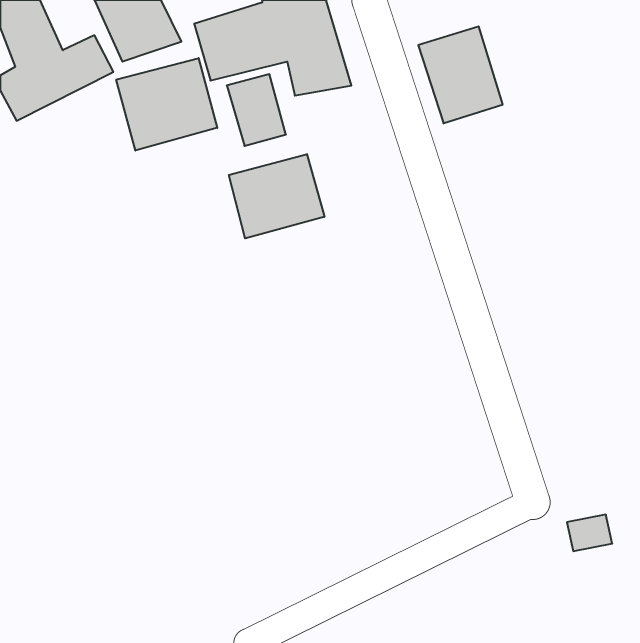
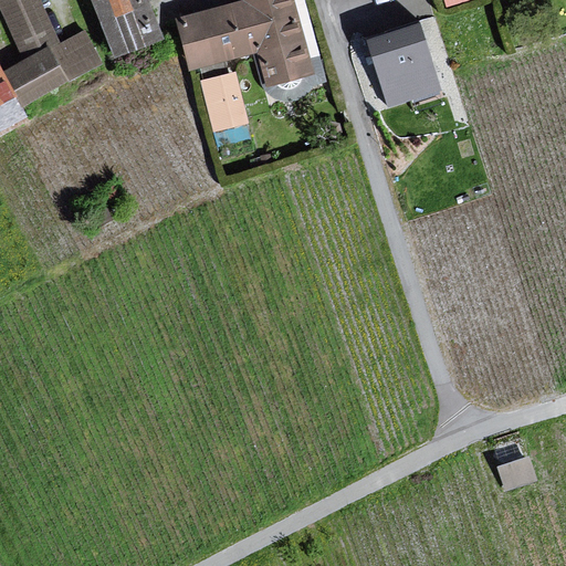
building: [116,58,217,151] -> none
building: [229,154,324,238] -> none

